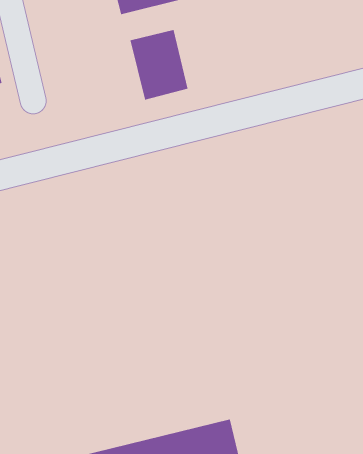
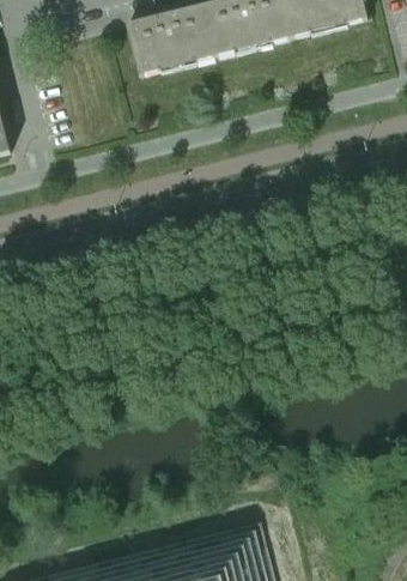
building: [130,29,188,100] -> none

